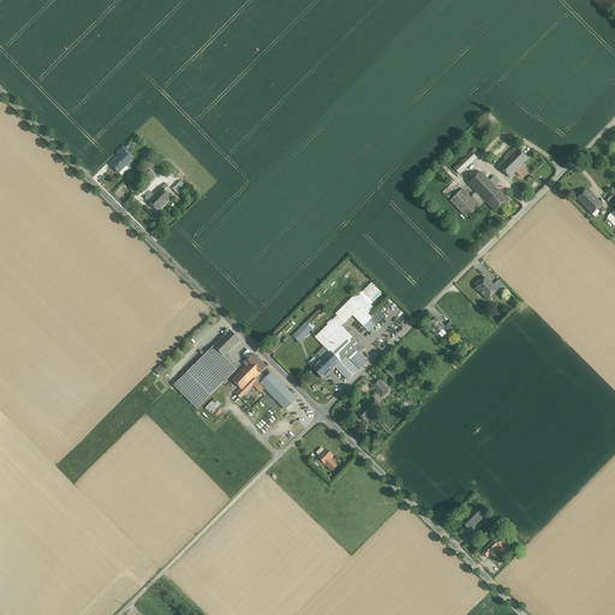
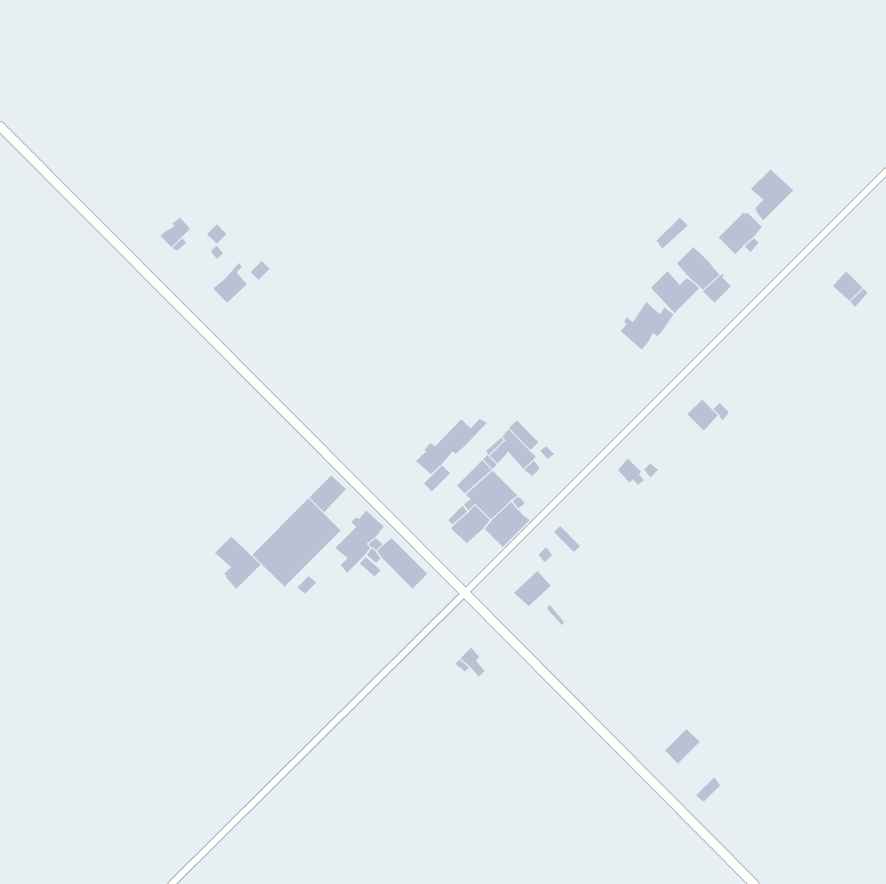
building: none -> [750,169,794,221]
building: none -> [620,301,674,350]
building: none -> [415,418,488,475]
building: none -> [214,536,261,590]

